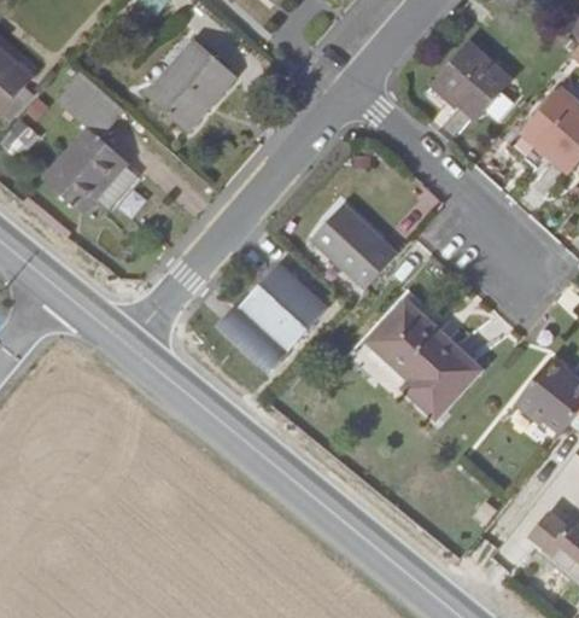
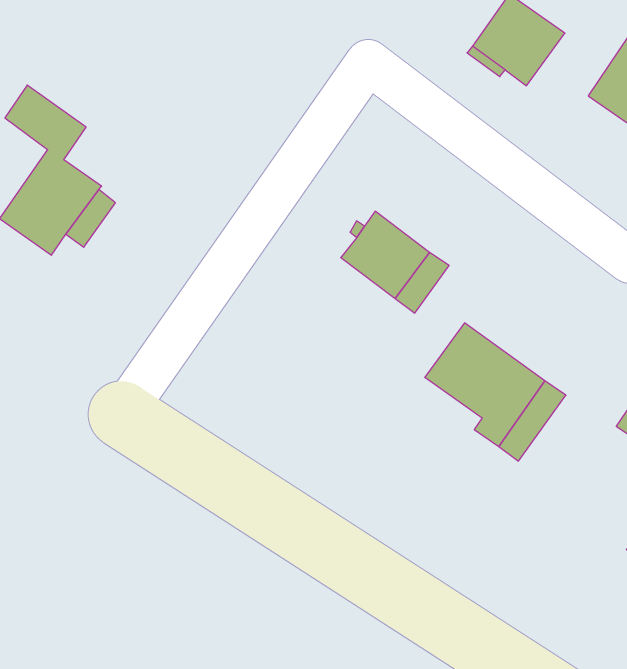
building: [146,40,234,129] -> none
building: [223,261,328,373] -> none

